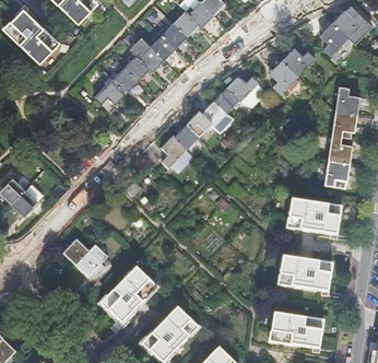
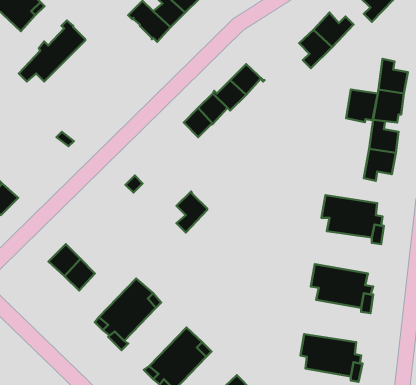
building: [94,54,149,104] -> [19,20,85,81]
building: [226,79,259,104] -> none
building: none -> [346,90,378,122]
building: [162,137,187,171] -> [177,191,207,232]

